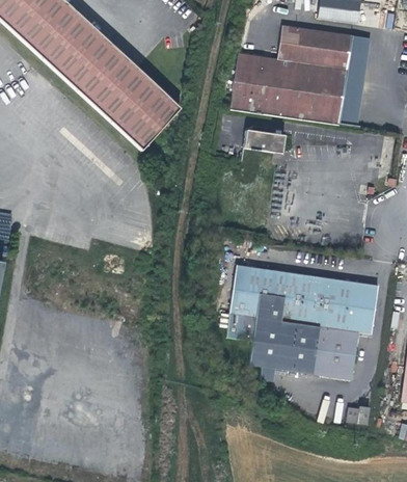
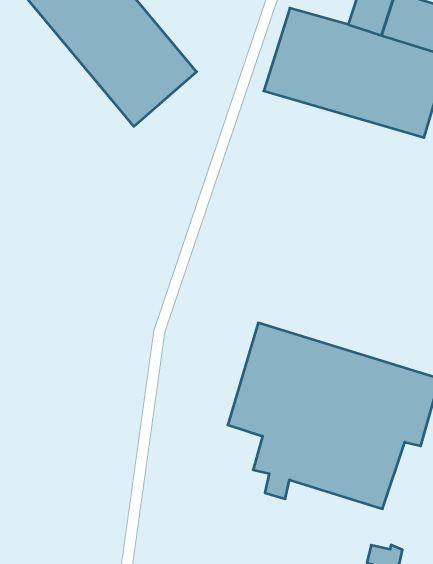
building: [244,128,284,154] -> none

